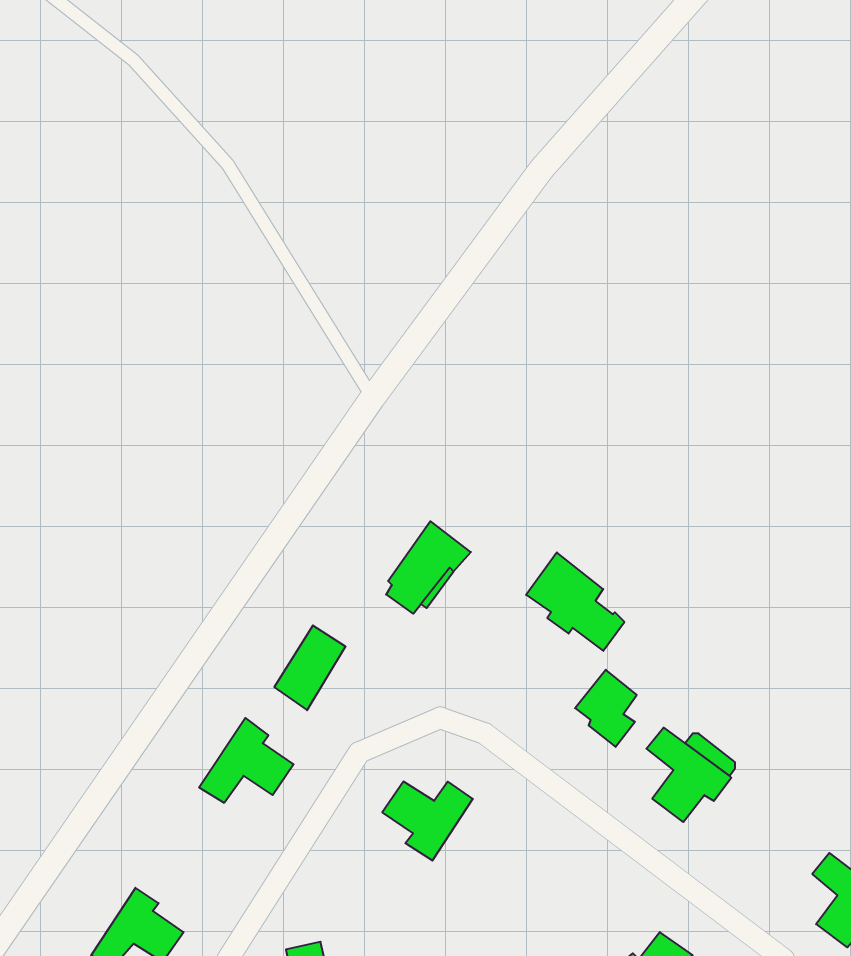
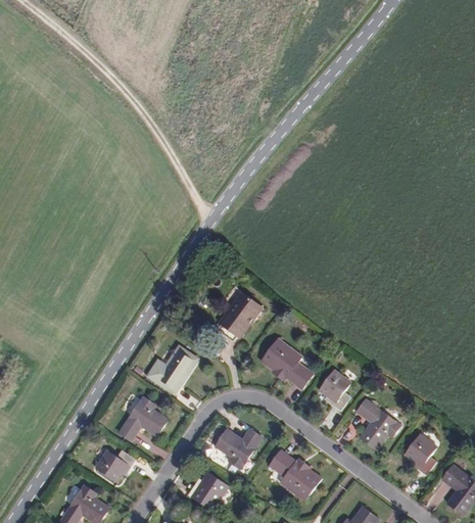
building: [526,552,624,651] -> [259,336,312,388]
building: none -> [403,434,436,475]
building: none -> [95,448,135,481]
building: none -> [268,449,320,501]
building: none -> [190,471,229,509]

